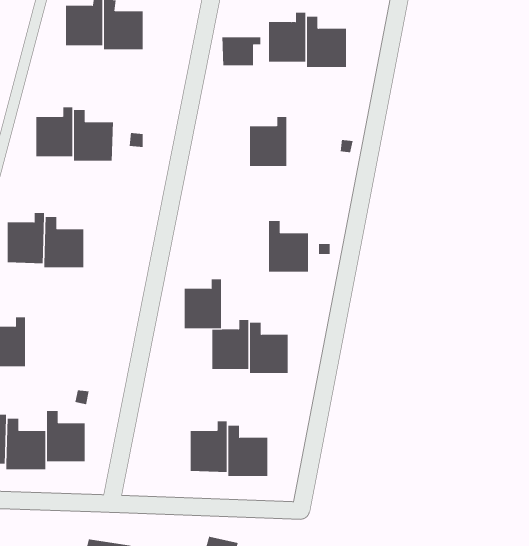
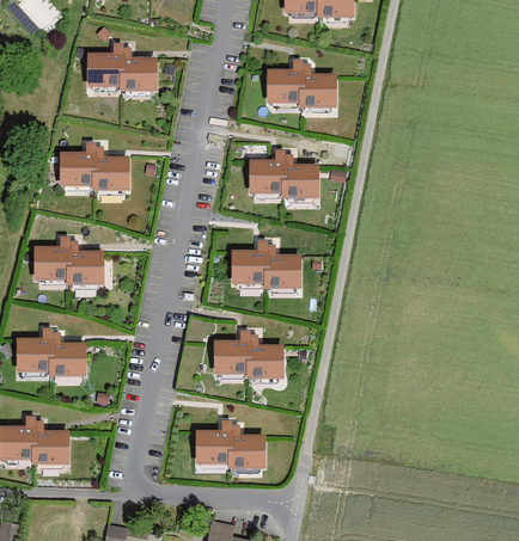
building: [222,36,261,66] -> none
building: none -> [282,155,318,199]
building: [184,279,222,329] -> [232,241,265,285]
building: [46,411,85,462] -> [51,331,86,376]

